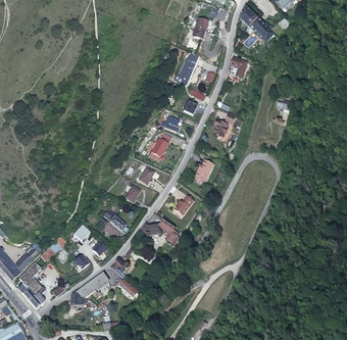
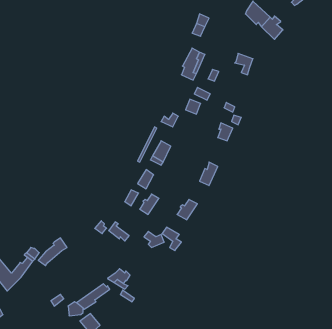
building: [18,259,47,310] -> none

